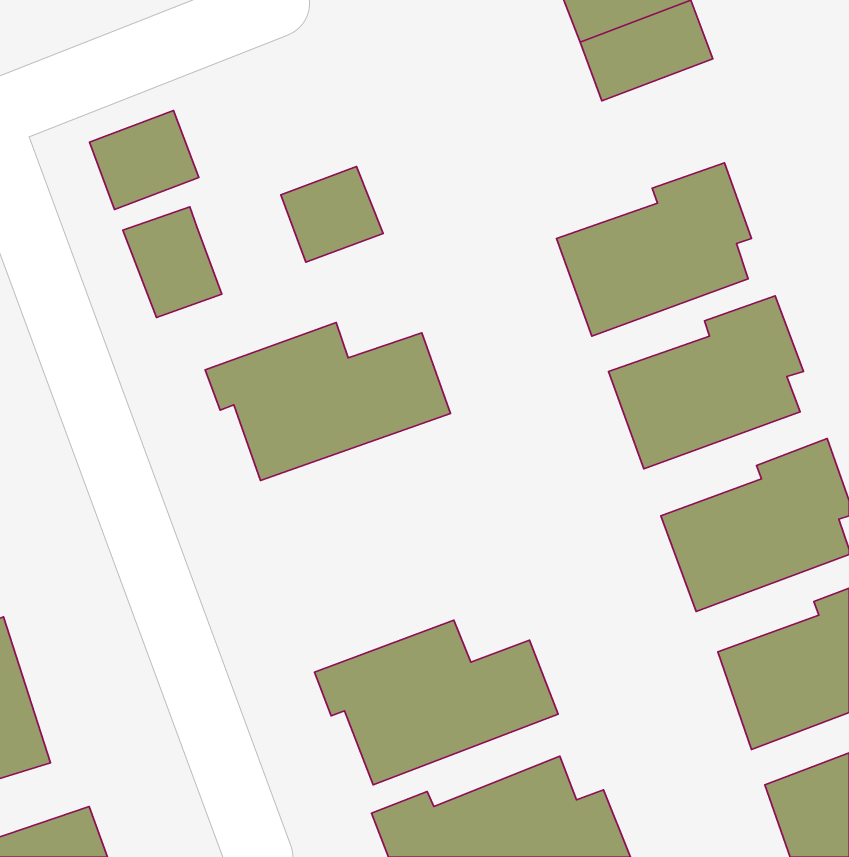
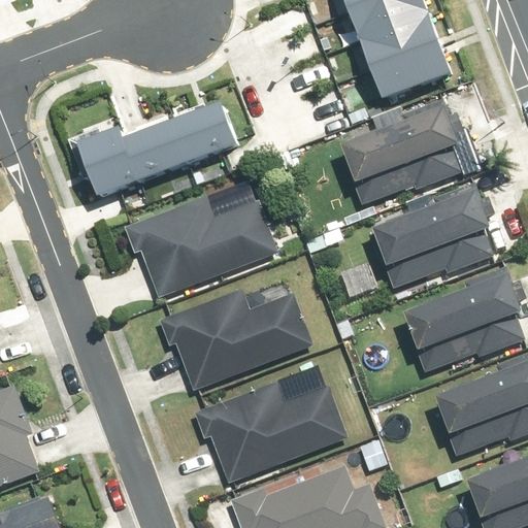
building: none -> [369,36,451,98]
building: [89,110,199,210] -> [121,120,188,180]
building: none -> [161,290,309,391]

